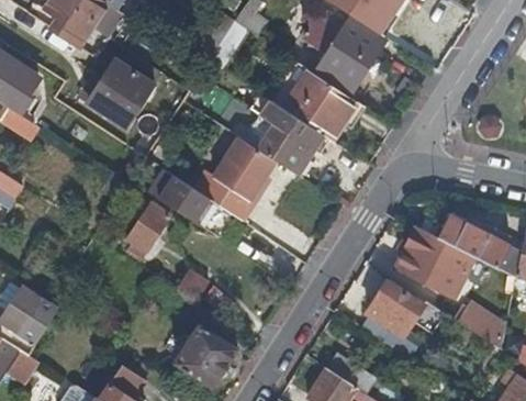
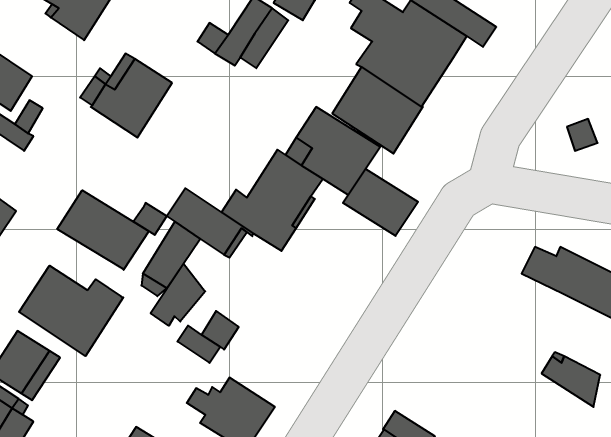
building: none -> [343,169,418,236]
building: none -> [57,190,149,270]
building: [395,227,473,298] -> none
building: none -> [151,264,205,326]
building: none -> [19,266,123,356]
building: [365,282,423,337] -> none

